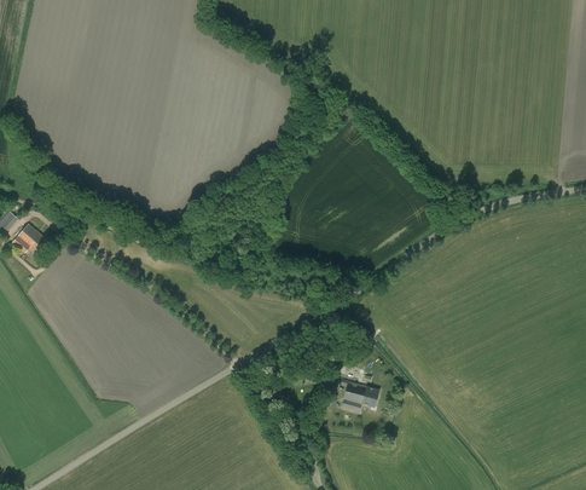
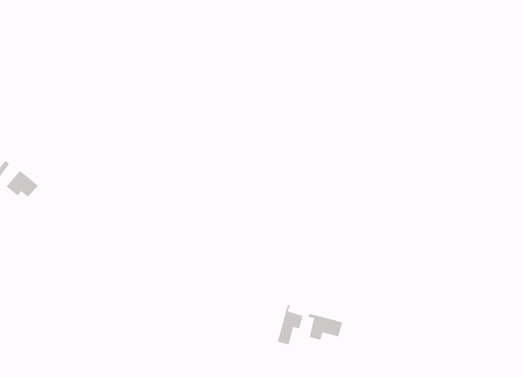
building: none -> [277,304,304,345]

